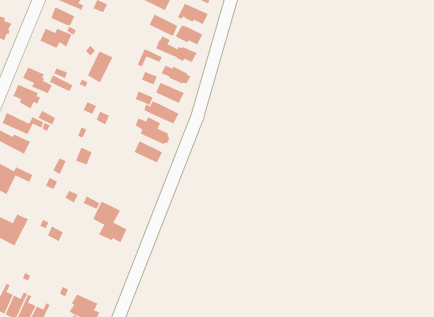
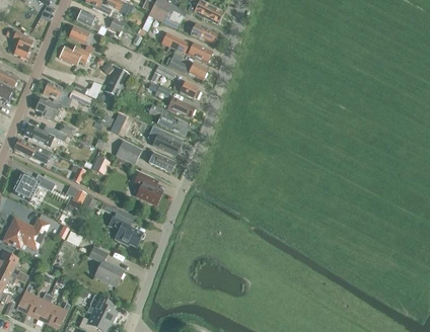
building: none -> [115,138,140,164]
building: none -> [133,172,161,204]
building: none -> [87,246,123,286]

